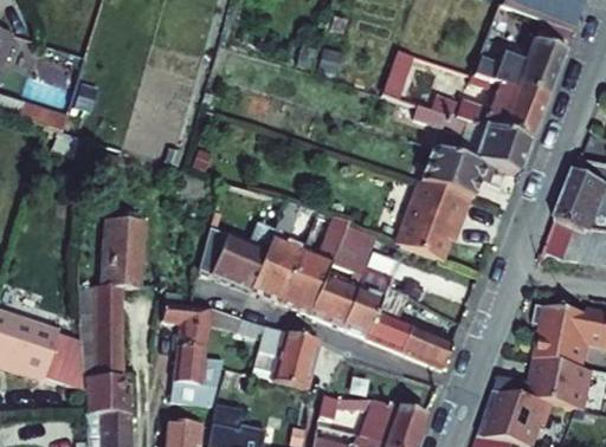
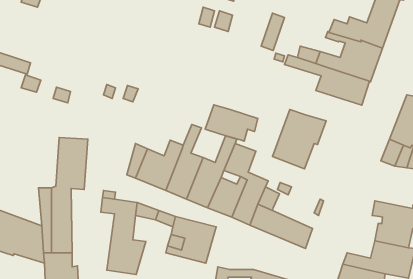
building: [420,147,492,196] -> [205,105,258,141]

